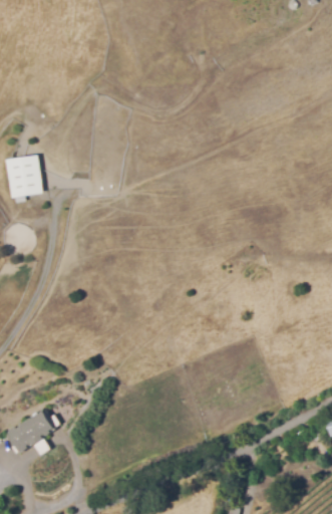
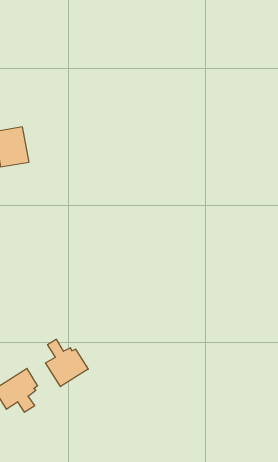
building: none -> [45,339,88,387]

